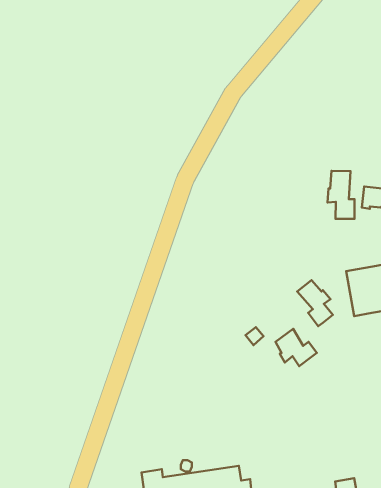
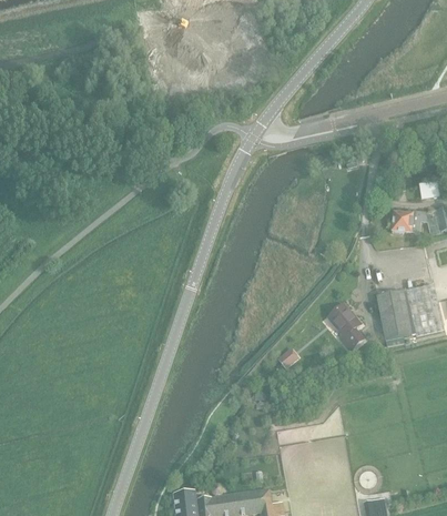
building: [328,171,355,219] -> none
building: [275,329,317,366] -> none

